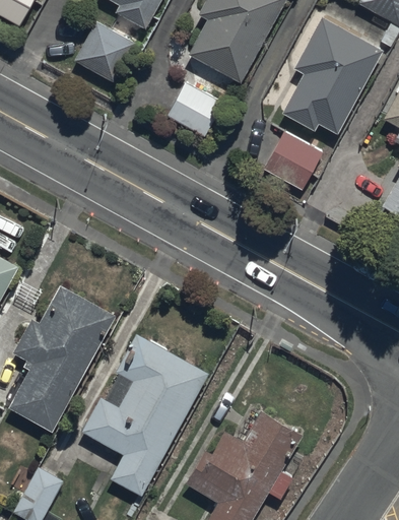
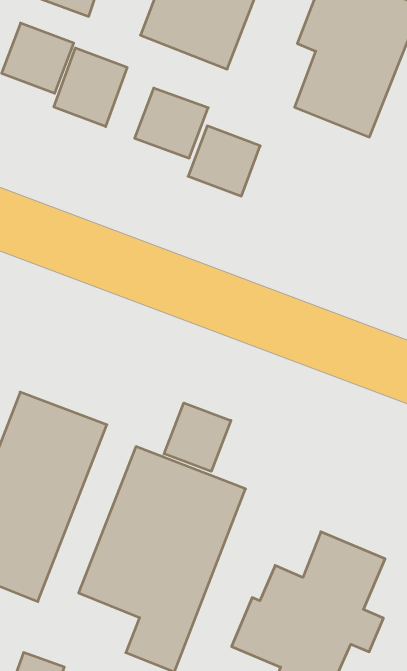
building: none -> [54,48,127,127]
building: [266,133,320,186] -> [188,126,260,196]
building: none -> [164,403,231,471]

